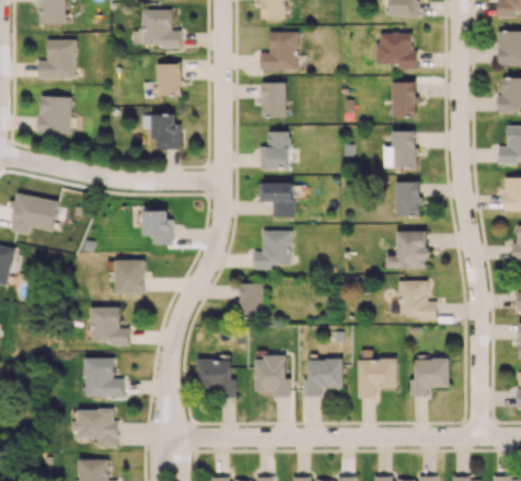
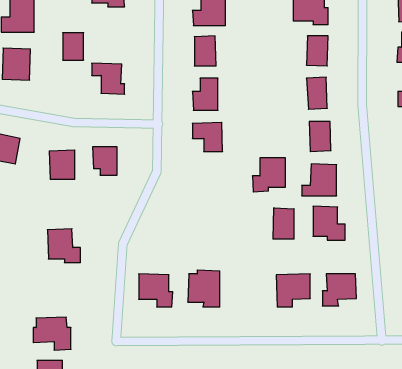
building: [158,63,182,95] -> [63,33,84,60]
building: [253,231,291,270] -> [252,158,285,192]
building: [115,259,144,293] -> [49,150,75,179]
building: none -> [273,208,294,239]
building: [240,283,264,319] -> none
building: [85,357,124,397] -> none
building: [303,359,343,397] -> none

